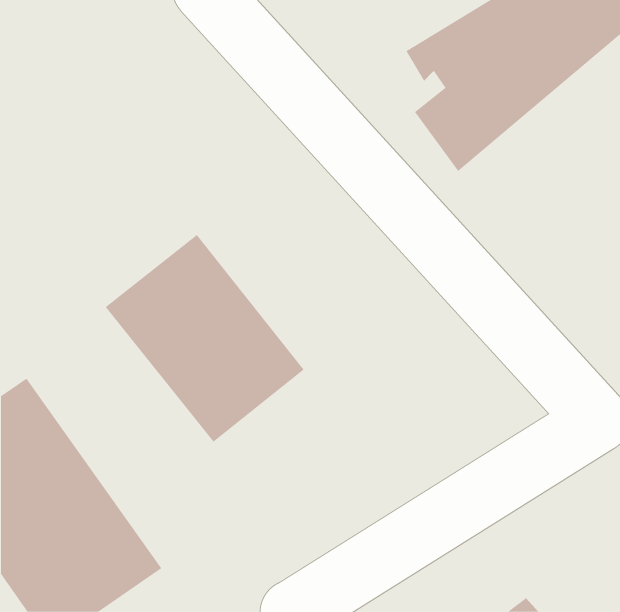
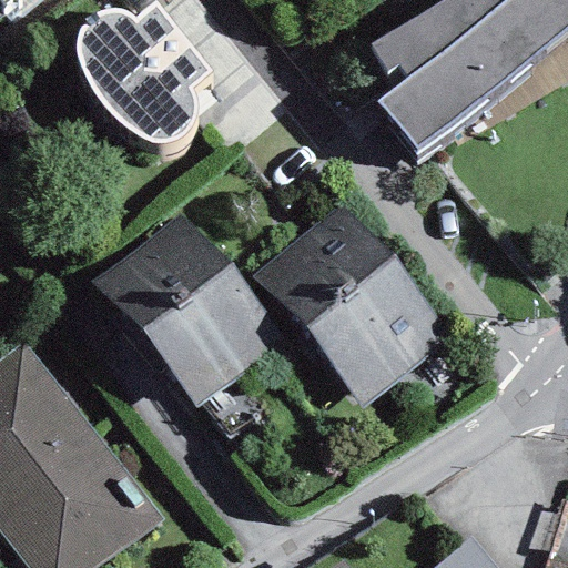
building: none -> [79,6,210,141]
building: none -> [263,209,445,398]

